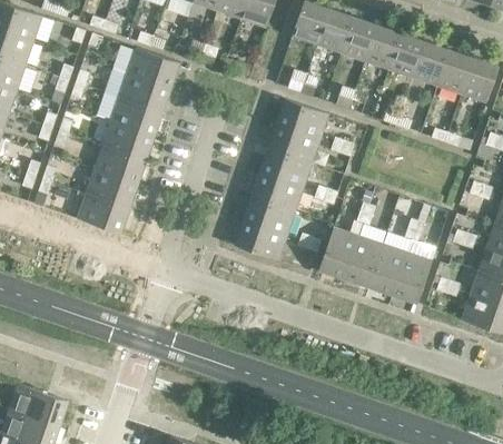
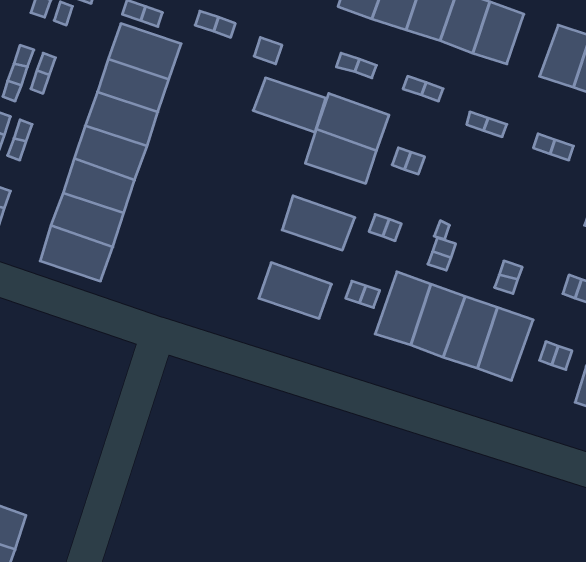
building: [413,41,450,86] -> none
building: [259,148,312,187] -> [253,78,326,132]
building: [244,196,295,235] -> none

